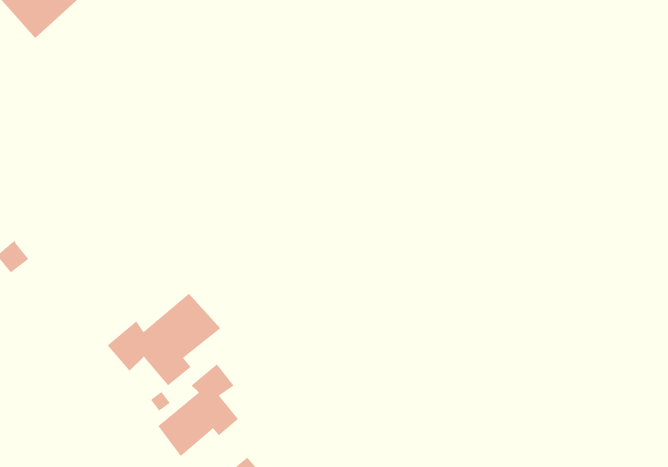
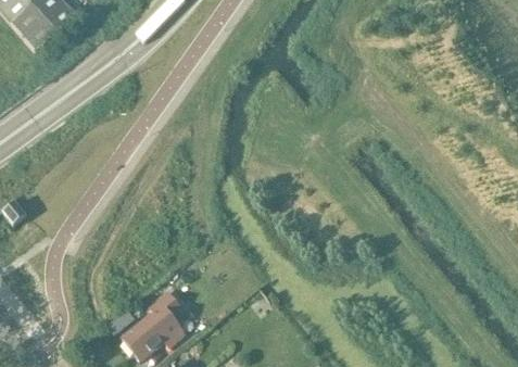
building: [107,293,221,386] -> none

